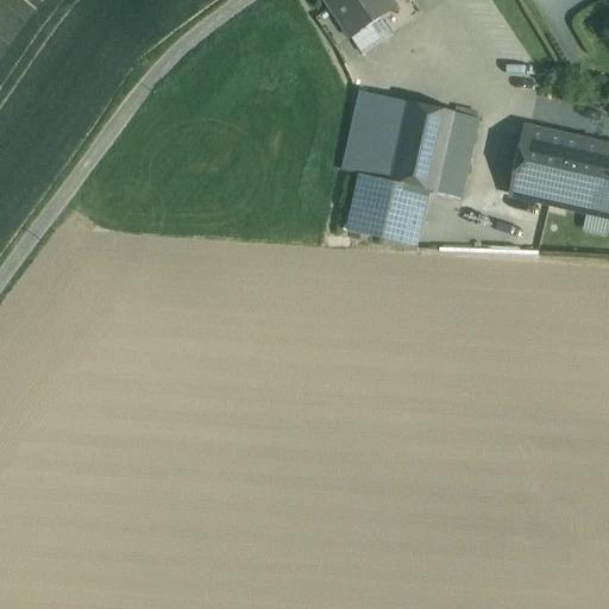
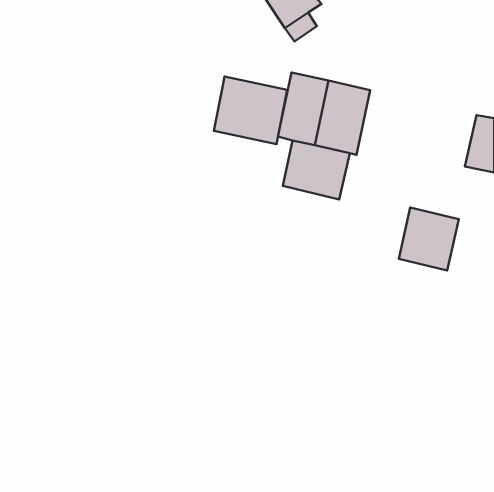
building: none -> [214,77,287,144]
building: [438,111,478,195] -> none
building: [511,127,585,205] -> [399,208,459,270]

